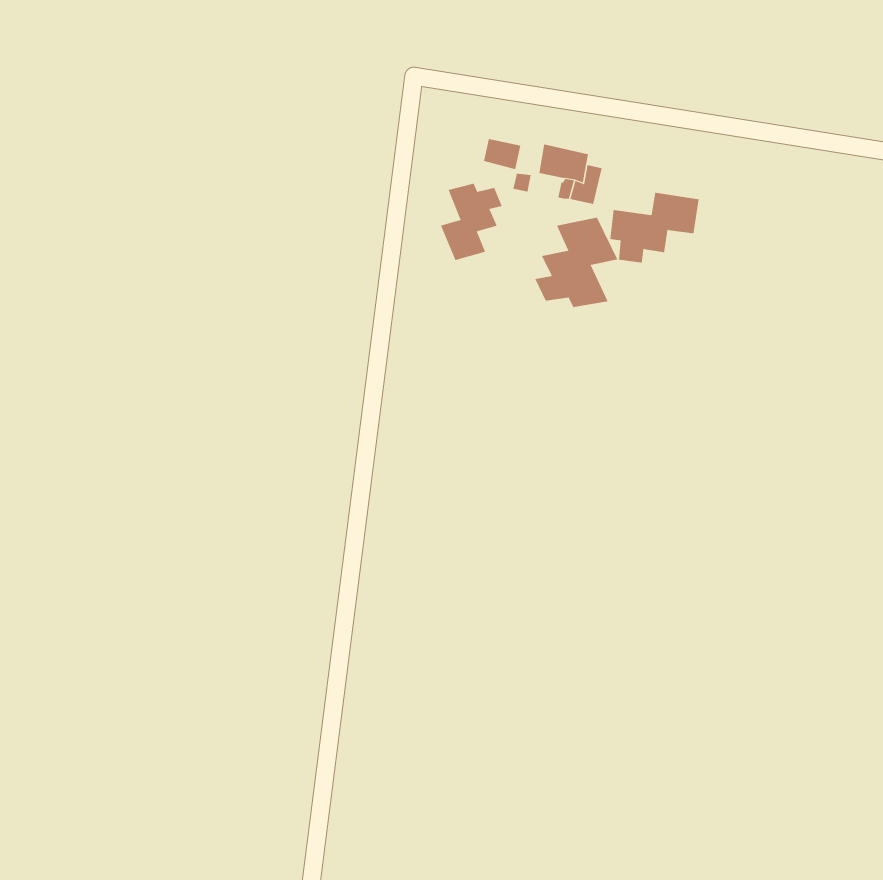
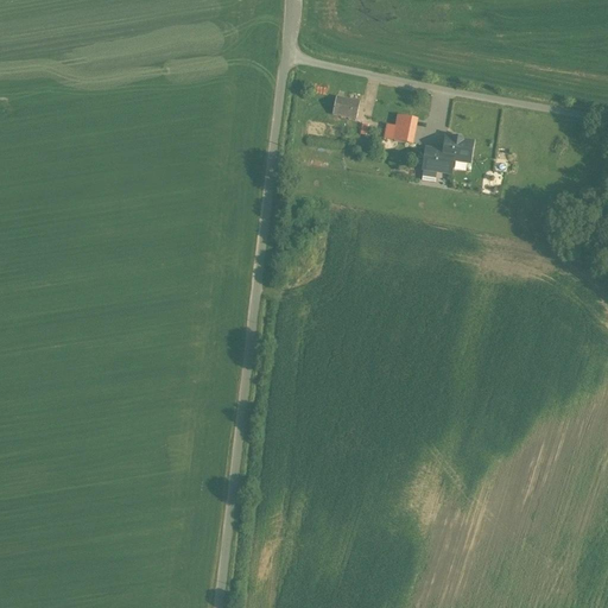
building: [440,183,502,261] -> none
building: [535,217,618,308] -> none

